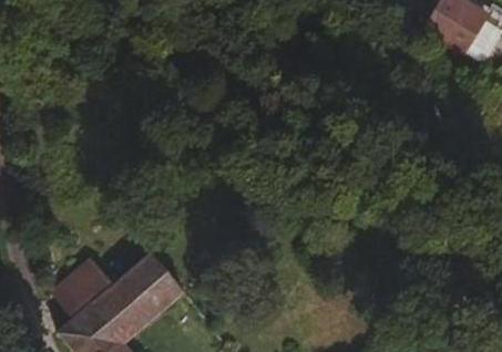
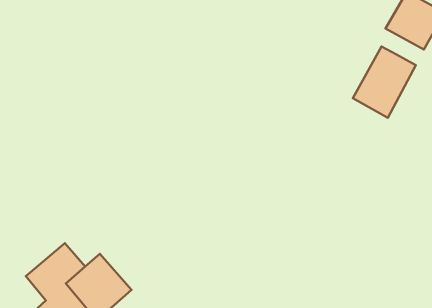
building: none -> [353,46,416,118]
building: [129,253,182,309] -> none

